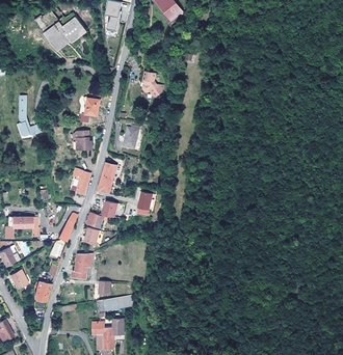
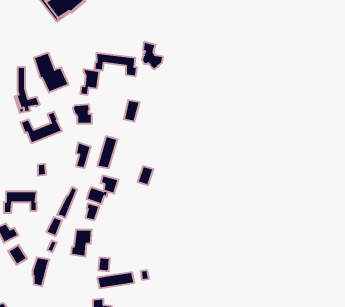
building: none -> [34,53,68,93]
building: none -> [95,53,137,76]
building: none -> [21,111,62,143]

